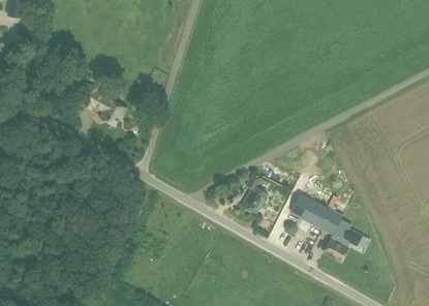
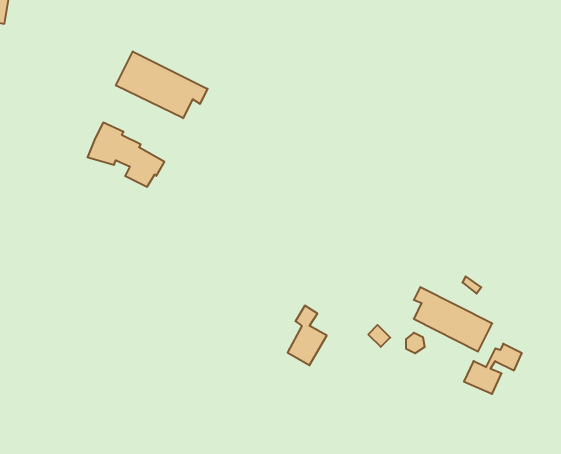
building: none -> [116,51,208,118]
building: [242,175,268,214] -> [288,306,327,365]

